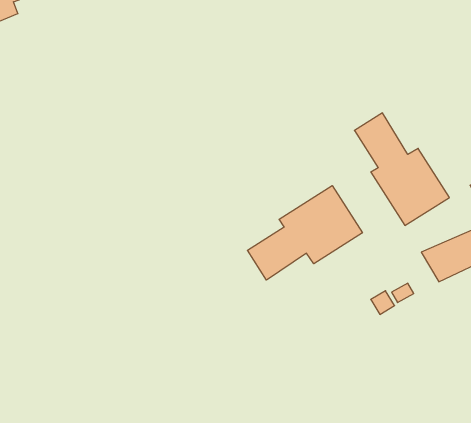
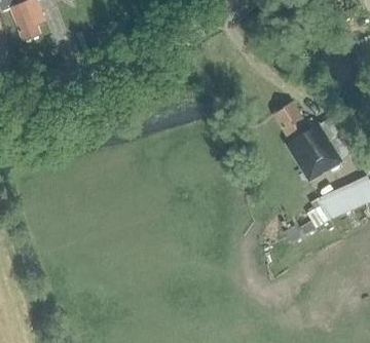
building: [247,186,362,280] -> none

